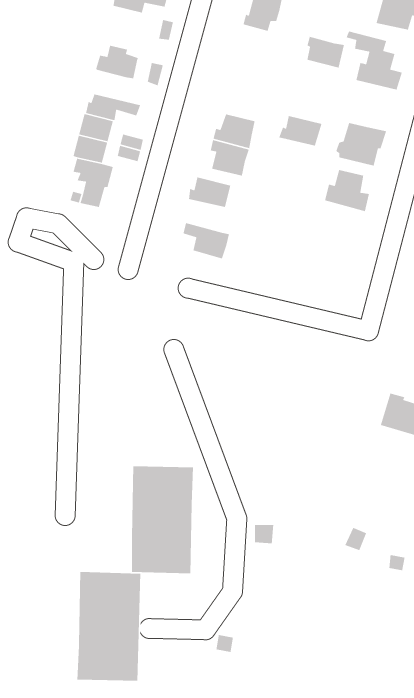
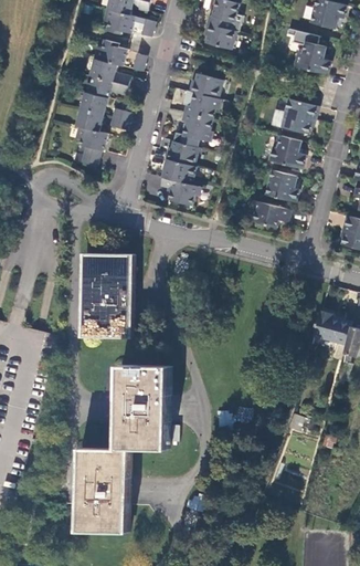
building: none -> [104,10,135,34]
building: [306,36,345,69] -> [204,24,234,50]
building: none -> [89,60,130,86]
building: [278,115,323,147] -> [188,74,222,98]
building: none -> [162,159,195,185]
building: none -> [265,170,298,203]
building: none -> [252,201,290,228]
building: none -> [83,253,133,337]

